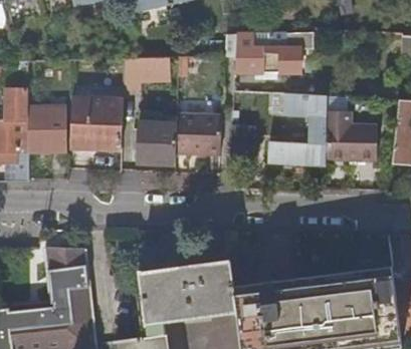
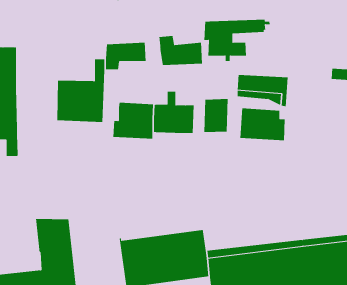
building: none -> [159,35,202,66]
building: [28,107,67,156] -> none
building: [328,111,379,162] -> none

